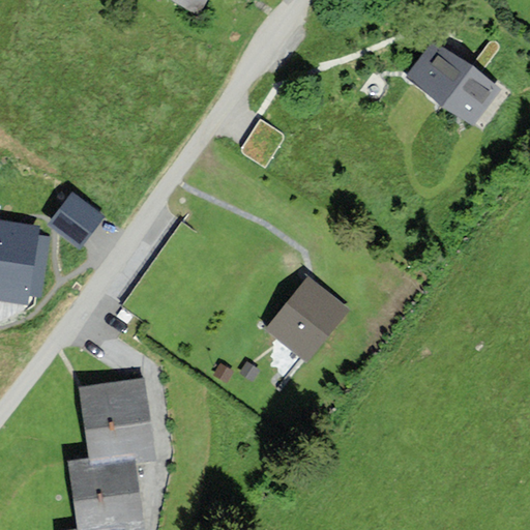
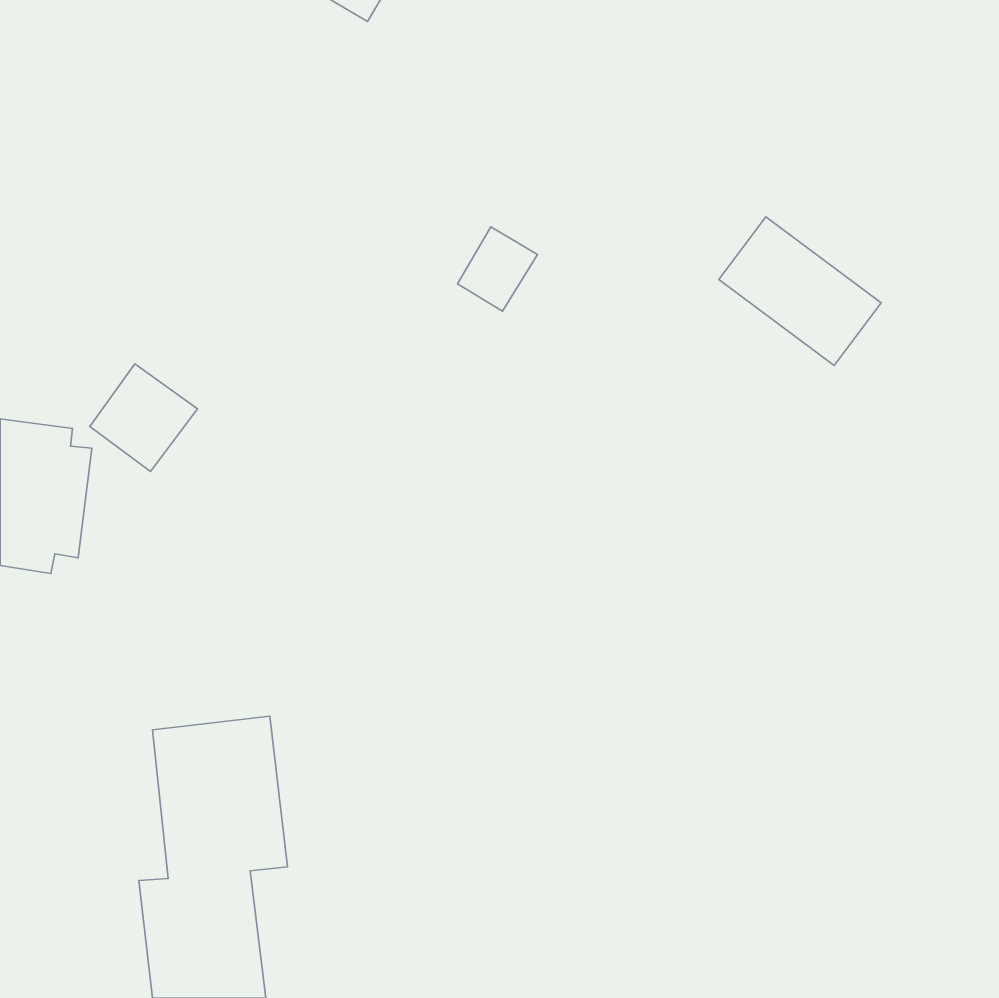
building: [411,43,497,122] -> [719,217,881,366]
building: [268,278,348,361] -> none

